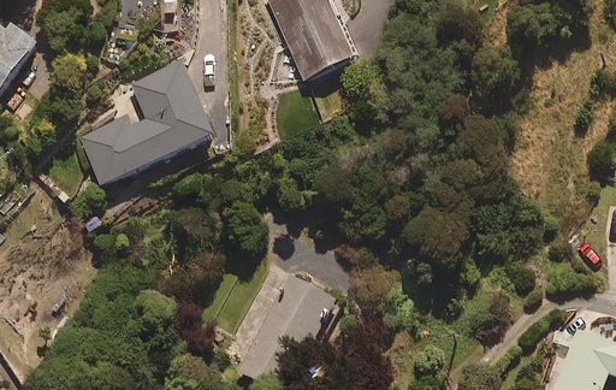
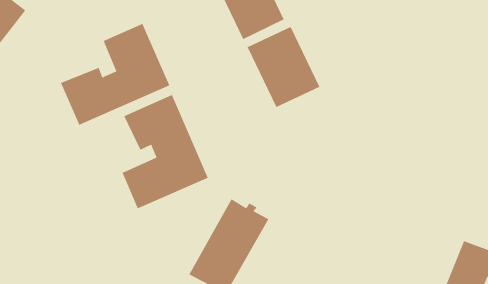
building: none -> [247,26,320,108]
building: none -> [122,94,209,209]

